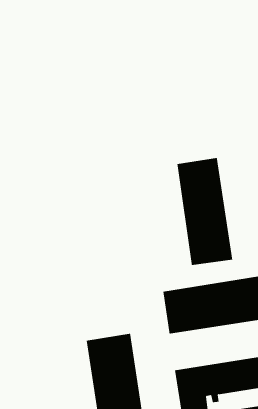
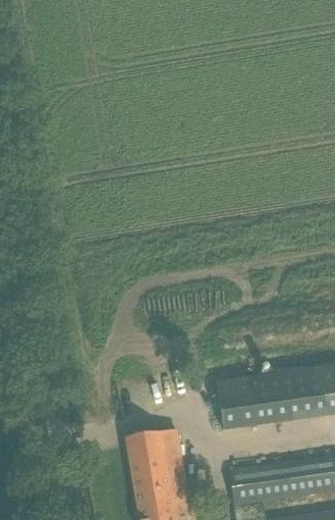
building: [177,157,233,266] -> none

